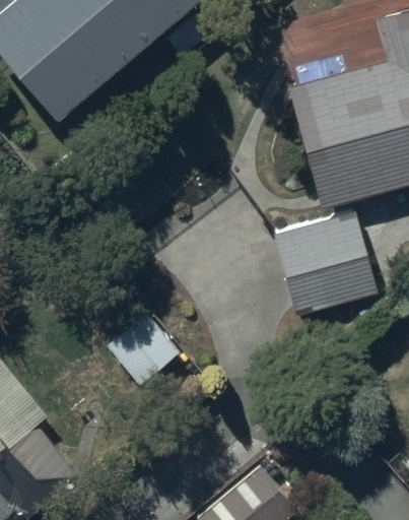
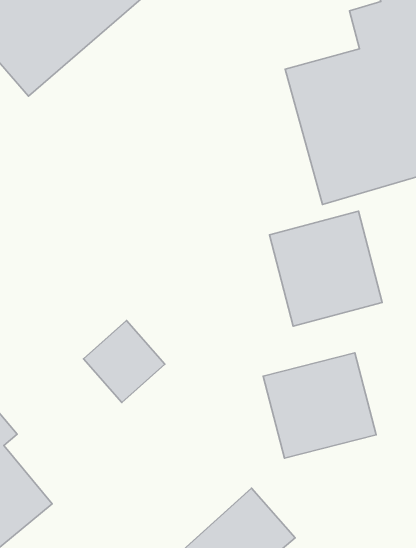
building: none -> [263,353,376,458]

